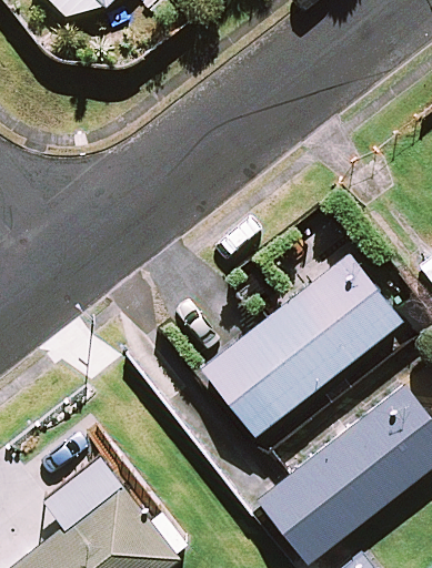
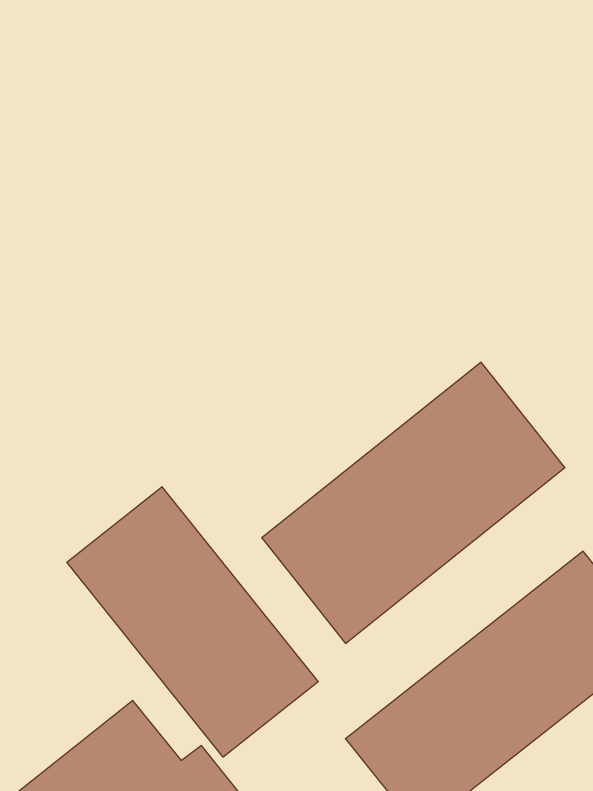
building: none -> [67,487,318,757]

